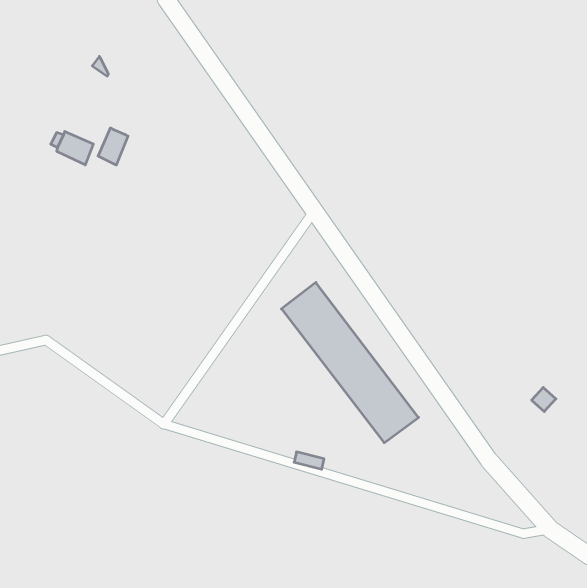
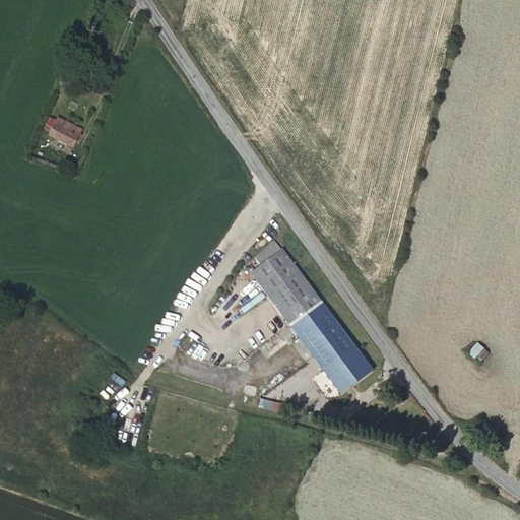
building: [98,128,128,165] -> none

